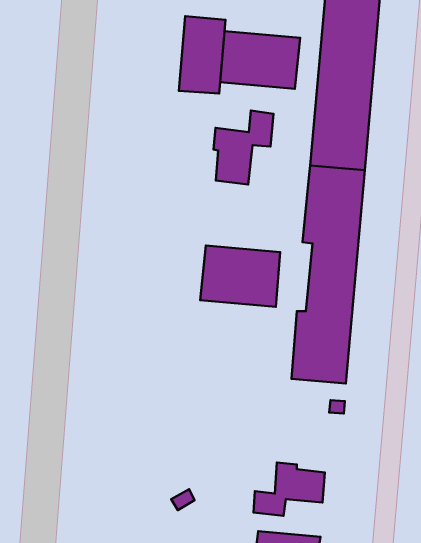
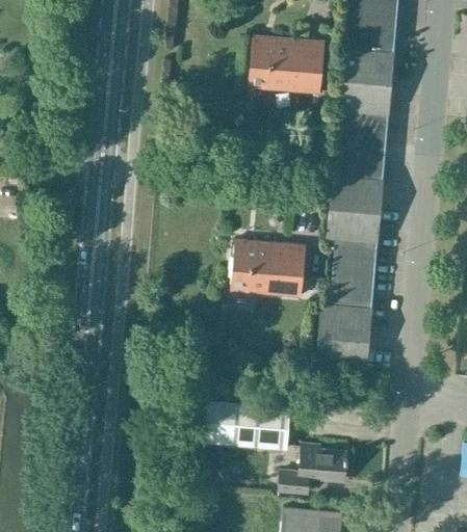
building: [179,16,226,93] -> none
building: [213,111,273,185] -> none
building: none -> [205,398,292,451]

